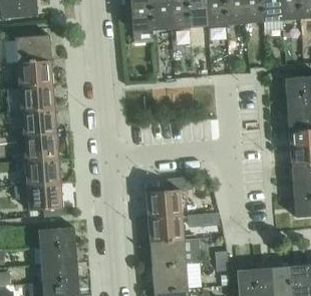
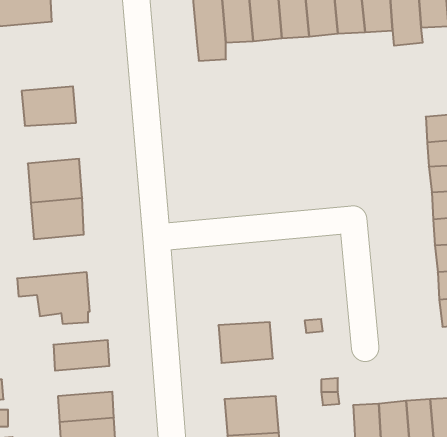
building: [15,34,51,61] -> none
building: [19,82,55,109] -> none
building: [25,157,60,185] -> none
building: [146,177,193,217] -> none
building: [149,238,200,266] -> none
building: [39,244,77,264] -> none

